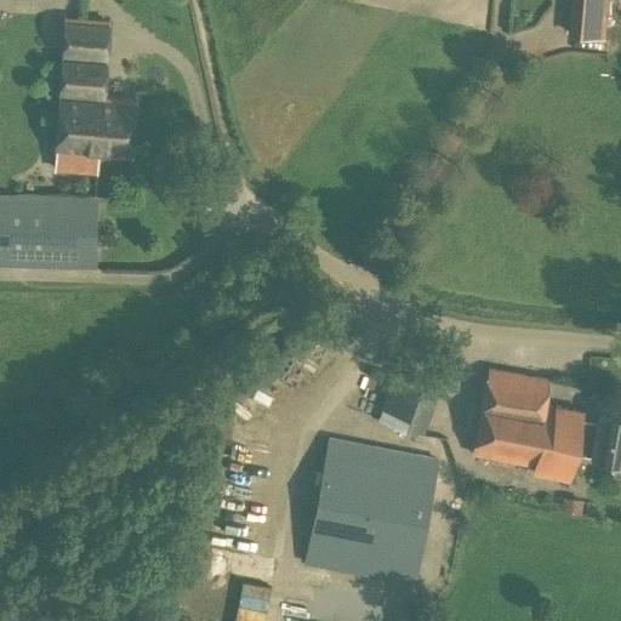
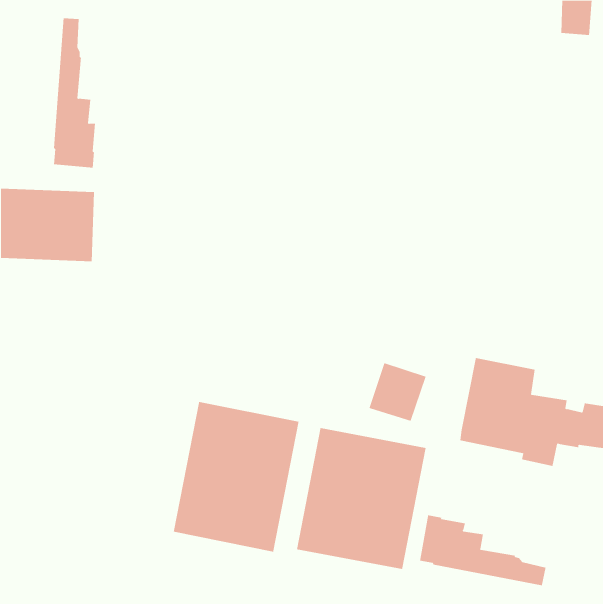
building: [82,21,137,159] -> none
building: none -> [173,401,299,552]
building: none -> [419,514,546,586]

